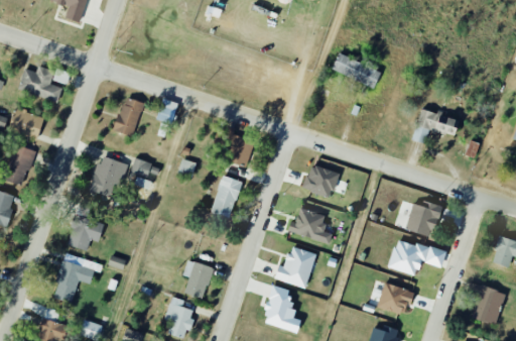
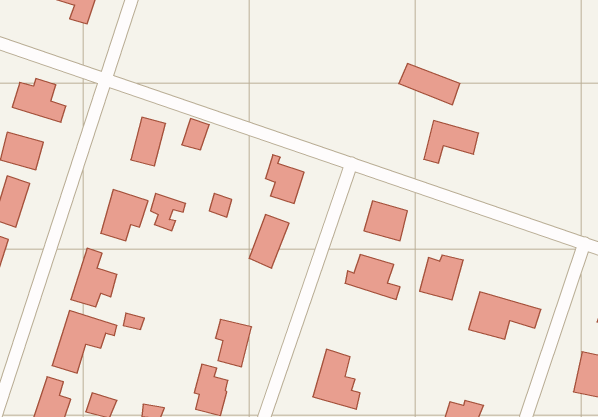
building: [413,109,458,143] -> [424,121,479,163]
building: [406,201,441,237] -> [420,255,463,300]
building: [274,245,316,290] -> none
building: [378,283,415,315] -> none

